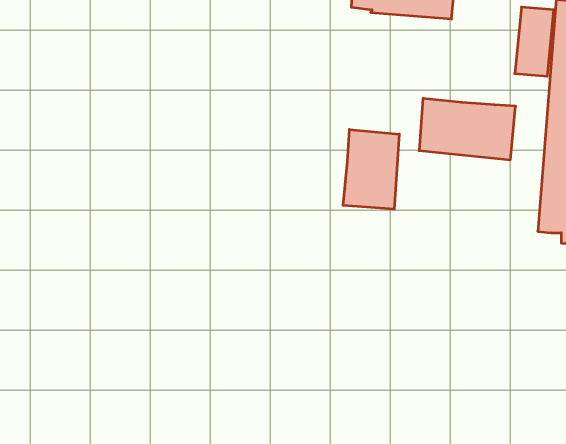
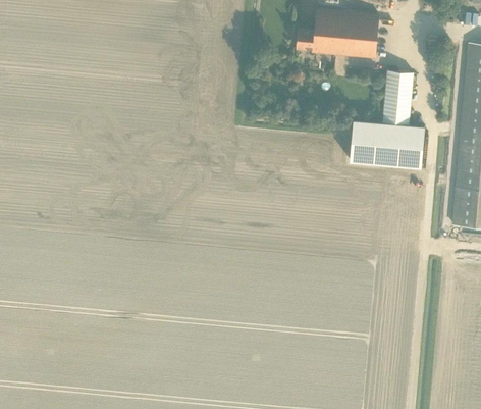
building: [515,7,554,76] -> [385,69,416,123]
building: [343,129,399,209] -> none

